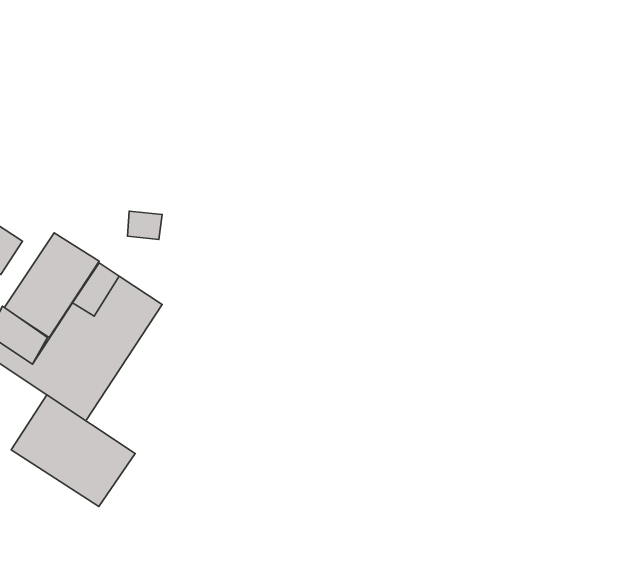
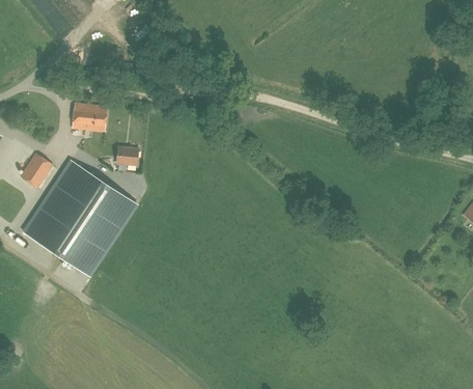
building: none -> [72,102,107,131]
building: [11,395,135,507] -> none

